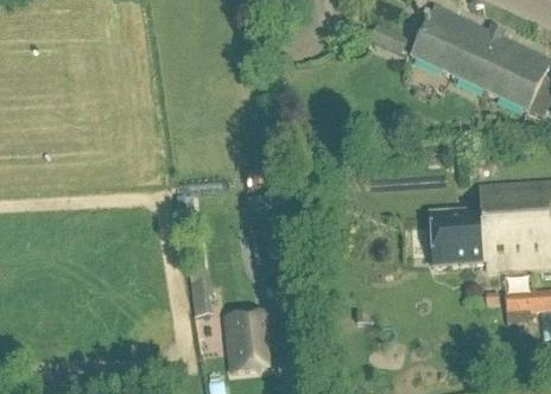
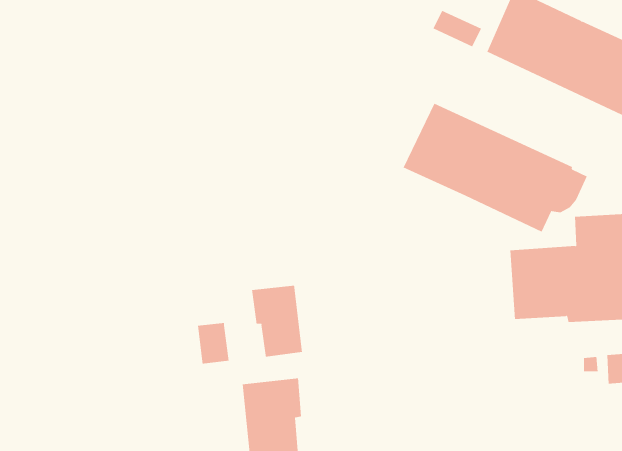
building: none -> [403,103,588,233]
building: none -> [251,285,303,357]

